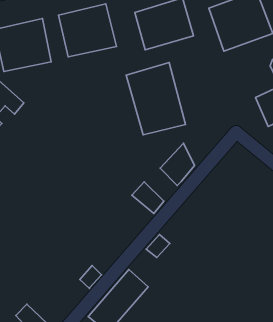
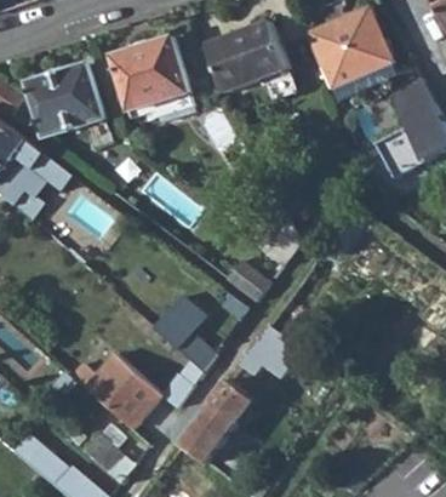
building: [126,63,185,135] -> none
building: none -> [153,293,218,373]
building: none -> [82,354,160,430]

